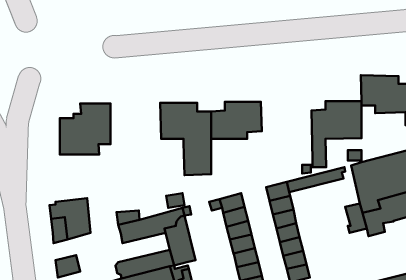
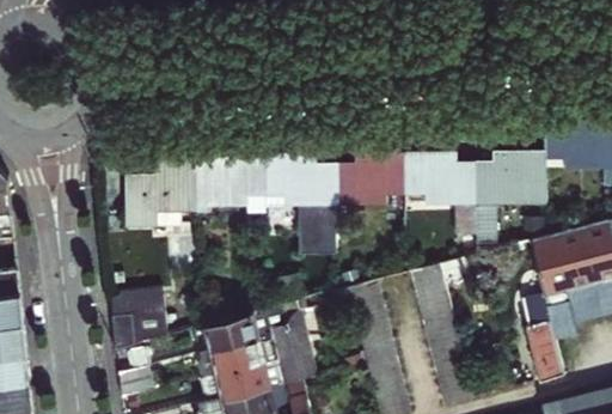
building: none -> [195,146,265,212]
building: none -> [404,153,476,235]
building: none -> [527,329,563,382]
building: none -> [197,335,277,376]

